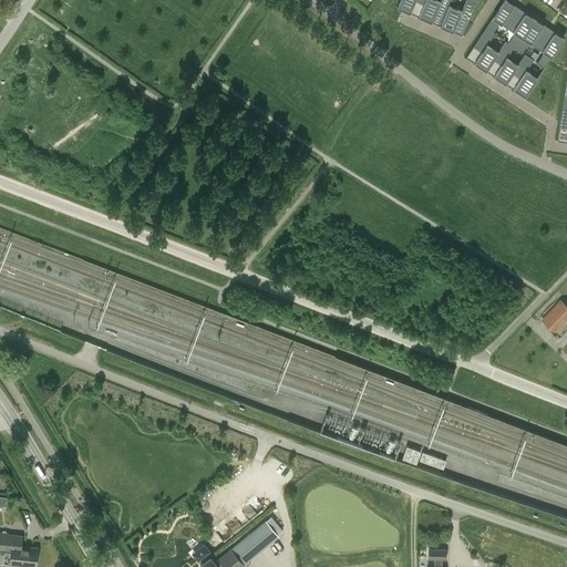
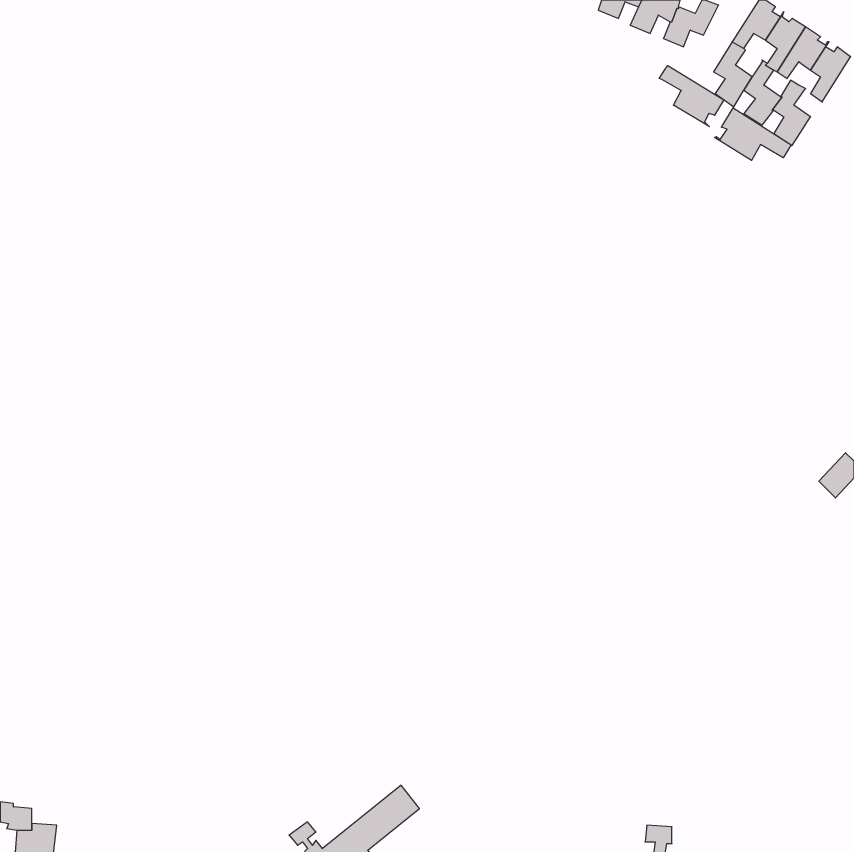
building: none -> [659,66,724,127]
building: none -> [715,108,791,160]

